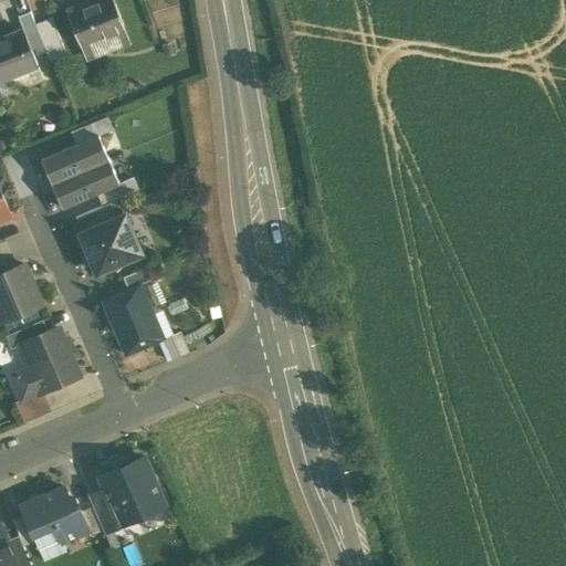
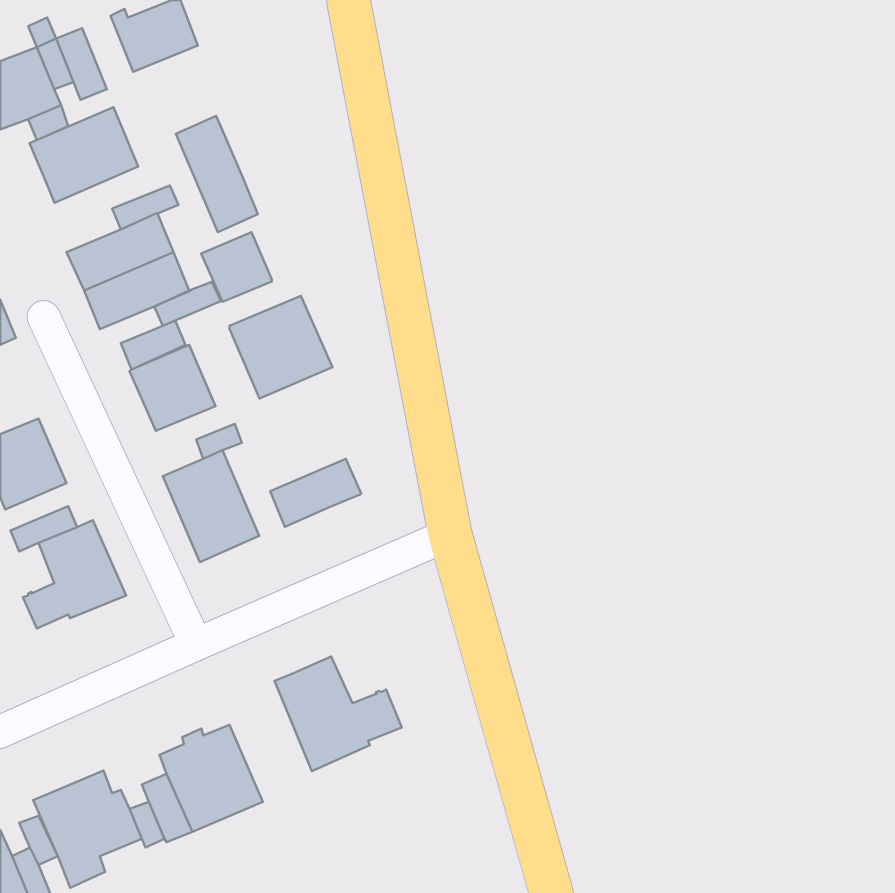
building: none -> [29,107,138,203]
building: none -> [176,116,258,232]
building: none -> [201,232,272,302]
building: none -> [229,296,333,398]
building: none -> [270,459,361,527]
building: none -> [274,656,402,771]

